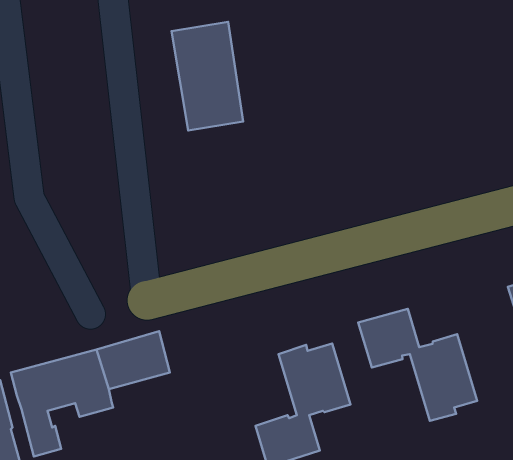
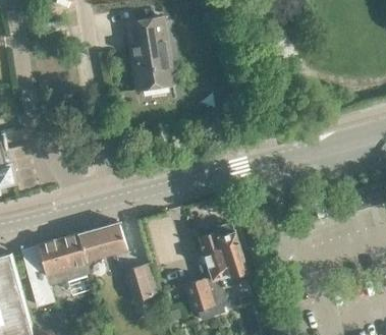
building: [358,309,477,421] -> none
building: none -> [123,267,152,302]

